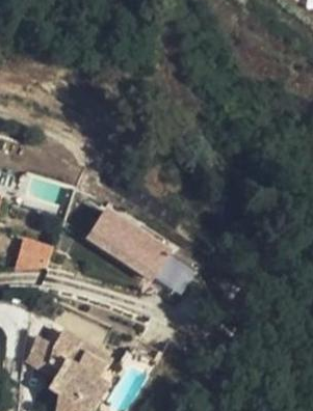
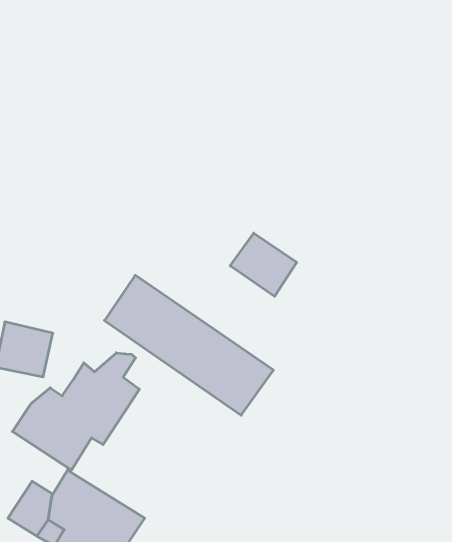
building: none -> [230,233,297,296]
building: none -> [12,353,139,470]

